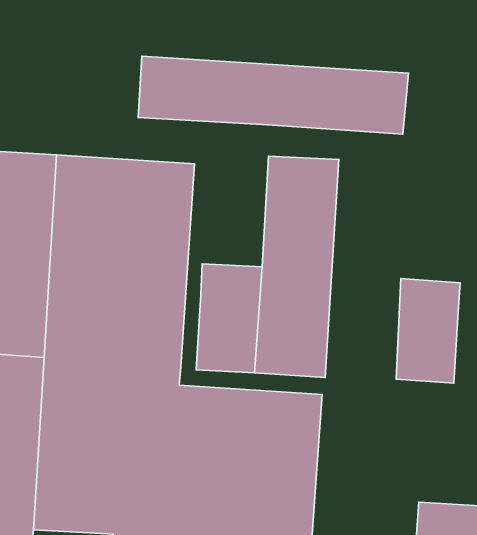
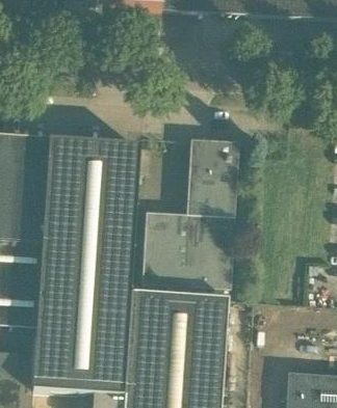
building: [138,56,408,134] -> none
building: [396,279,460,383] -> none

